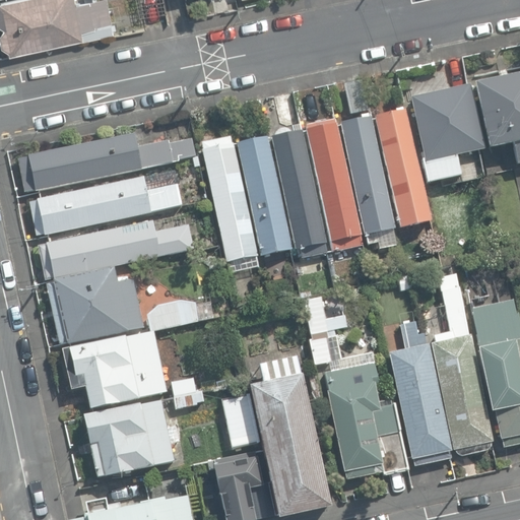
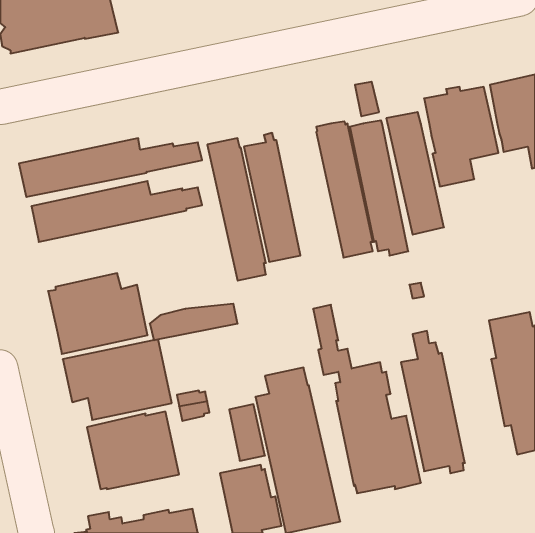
building: [271,122,327,260] -> none
building: [39,220,190,279] -> none
building: [433,273,495,455] -> none

